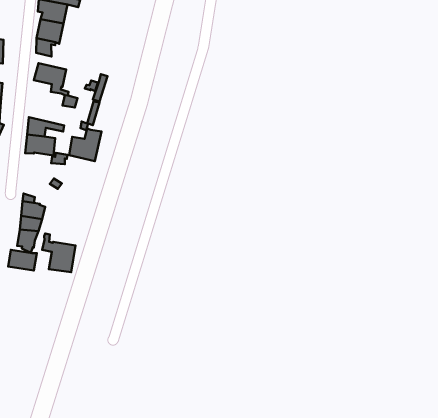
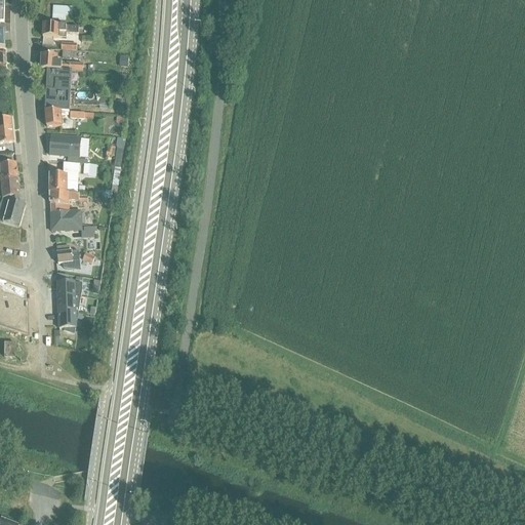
building: [69,128,102,161] -> [49,161,79,194]
building: none -> [55,243,80,269]
building: [42,233,75,272] -> none
building: [8,250,37,271] -> none

